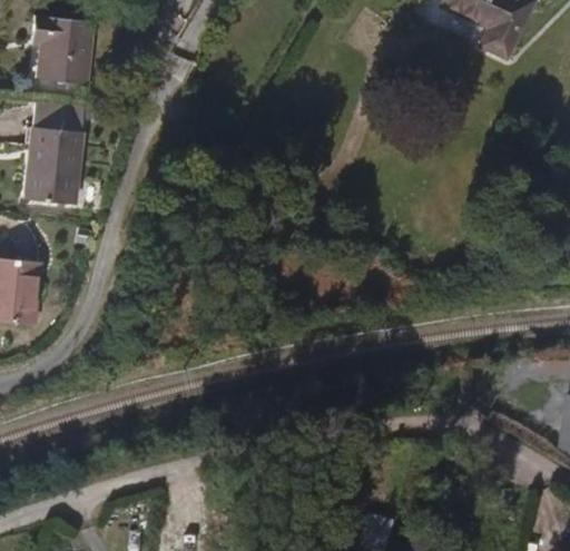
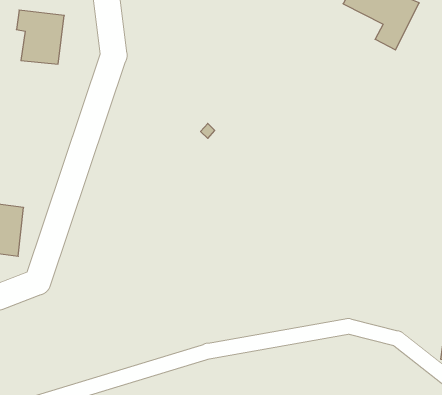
building: [24,100,82,204] -> none

